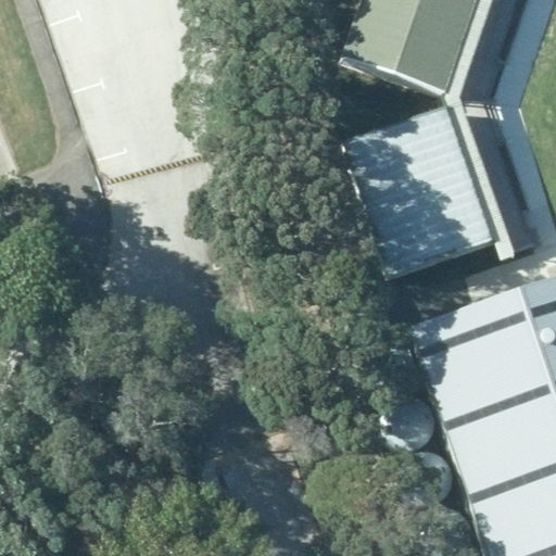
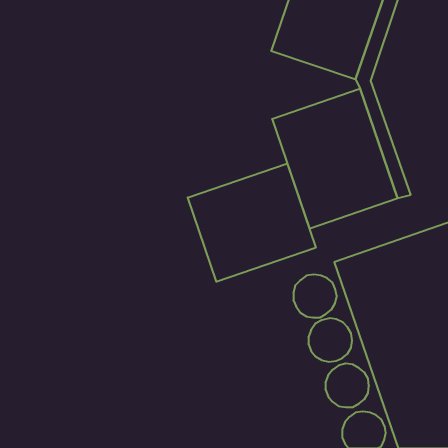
building: none -> [188,163,316,282]

